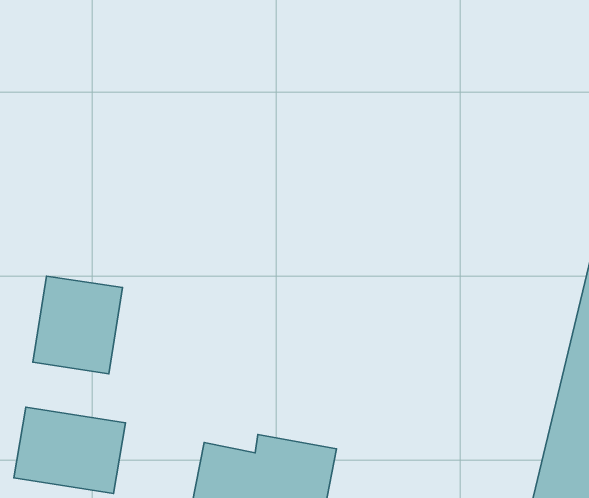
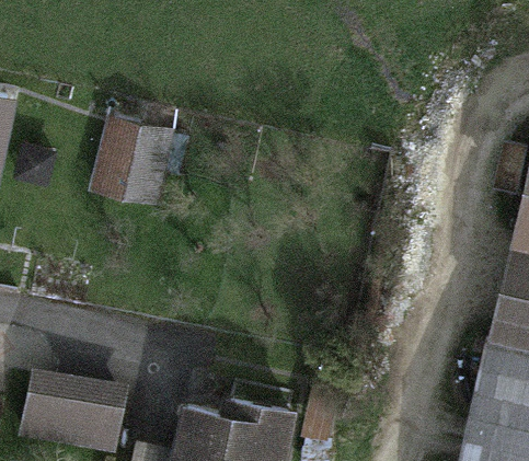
building: none -> [103,127,172,208]
building: [33,276,122,374] -> none

